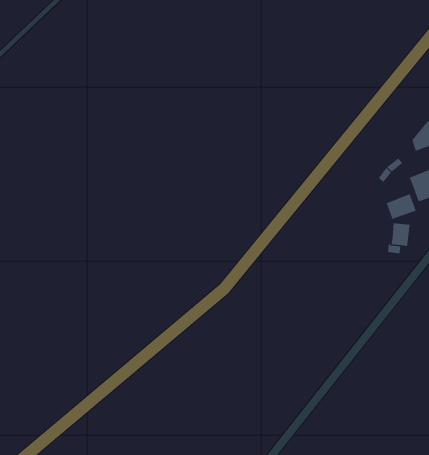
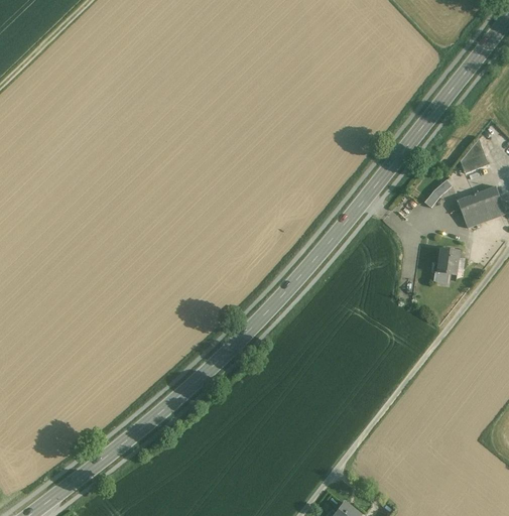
building: [386,193,417,220] -> none

